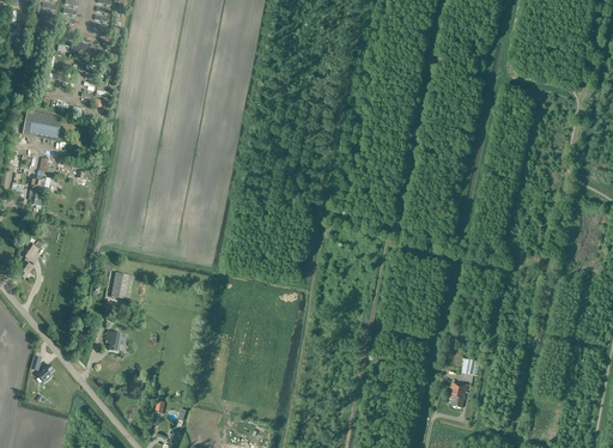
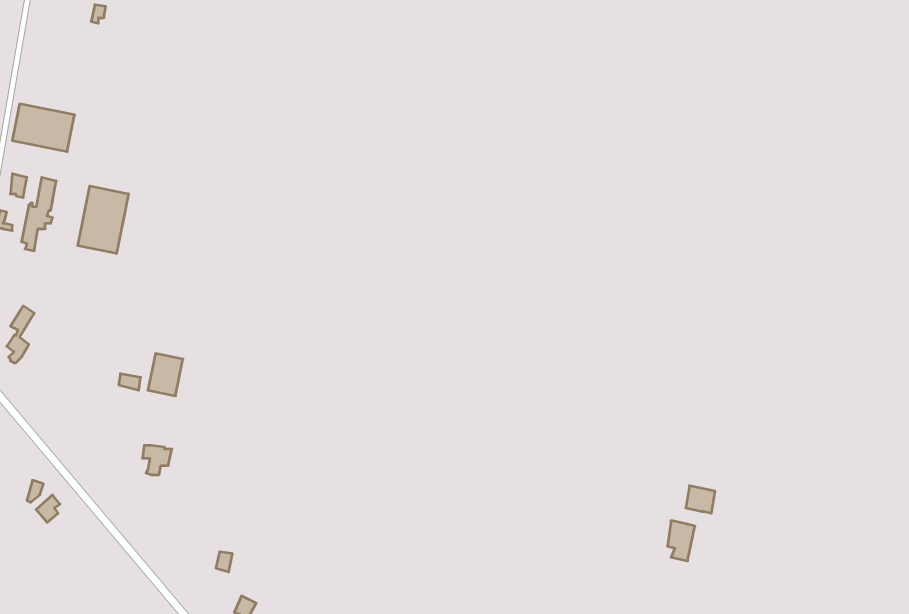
building: none -> [78,186,128,254]

